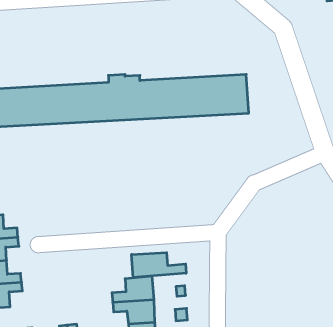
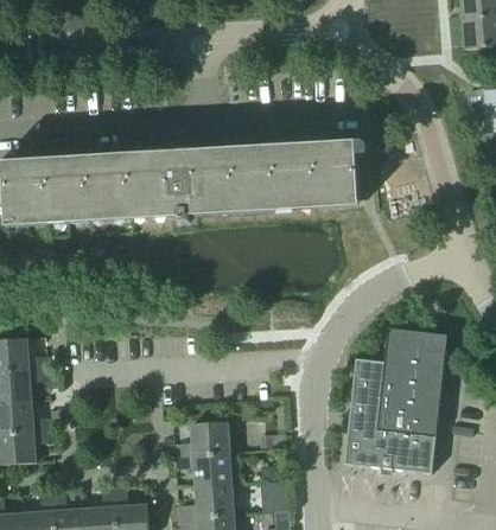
building: none -> [344,328,449,473]
building: [132,253,186,278] -> none

